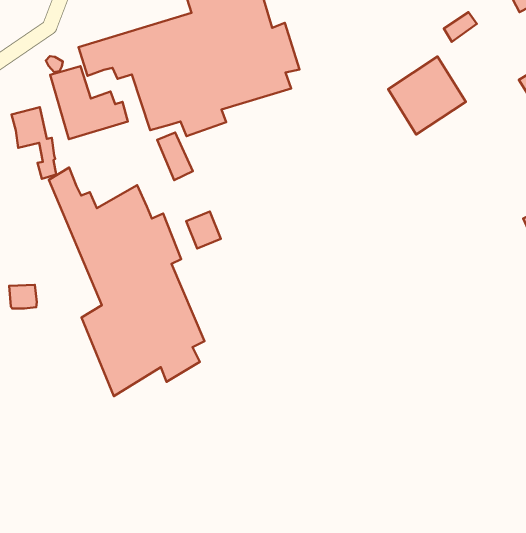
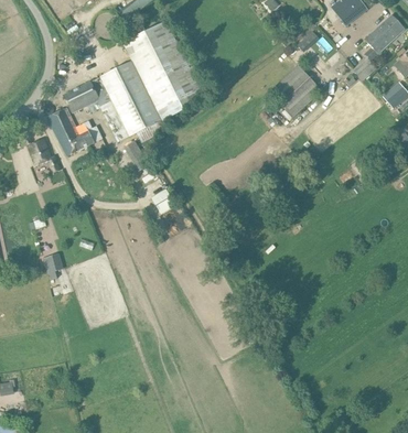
building: [49,168,205,396] -> none

